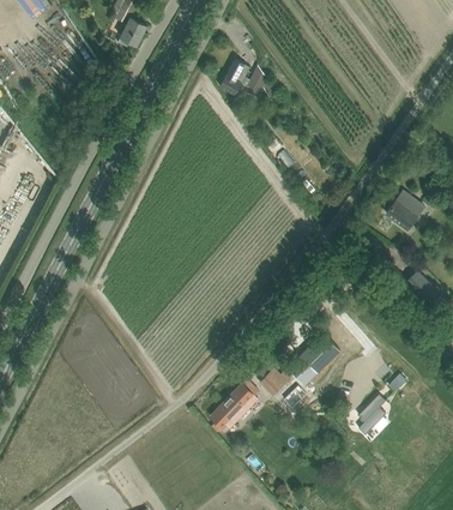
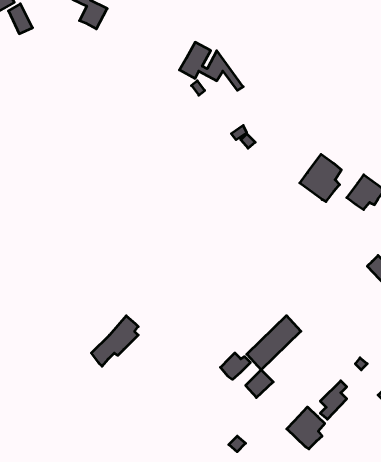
building: none -> [300,154,341,202]
building: [211,379,258,430] -> [91,316,138,366]
building: none -> [287,407,325,449]

